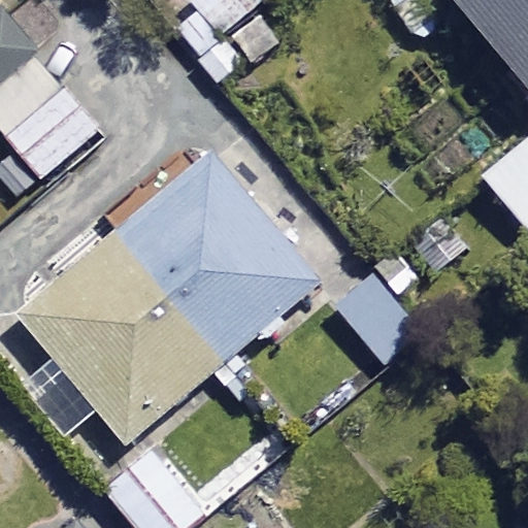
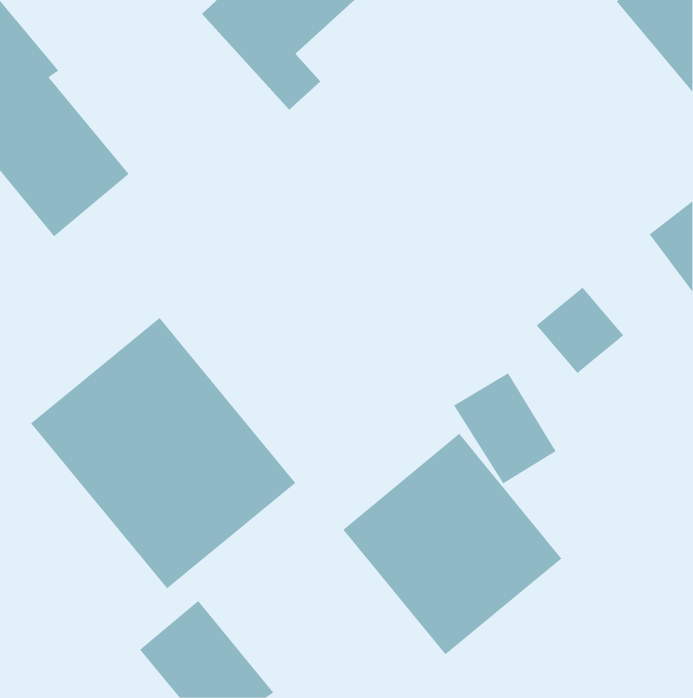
building: [120,158,319,361] -> none
building: none -> [342,433,562,655]

